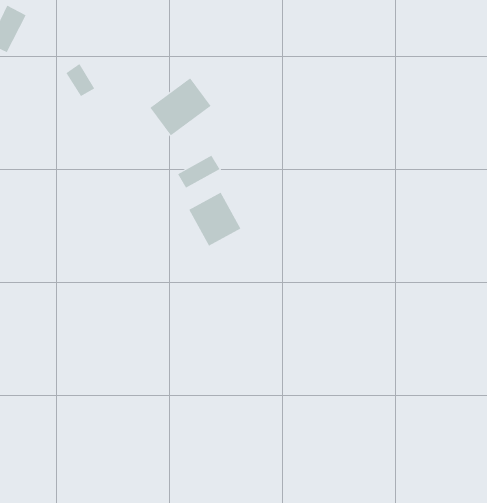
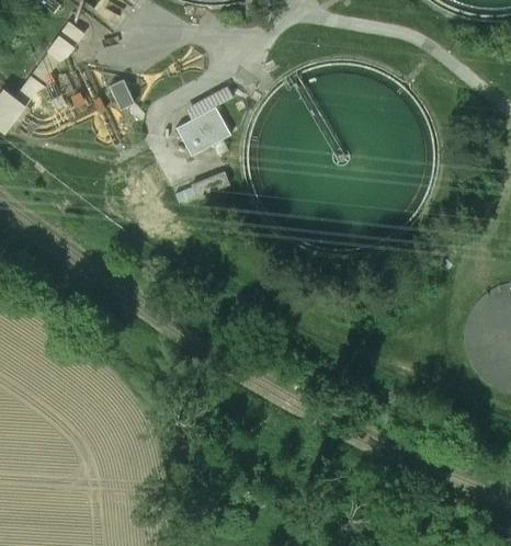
building: [188,192,241,247] -> none

